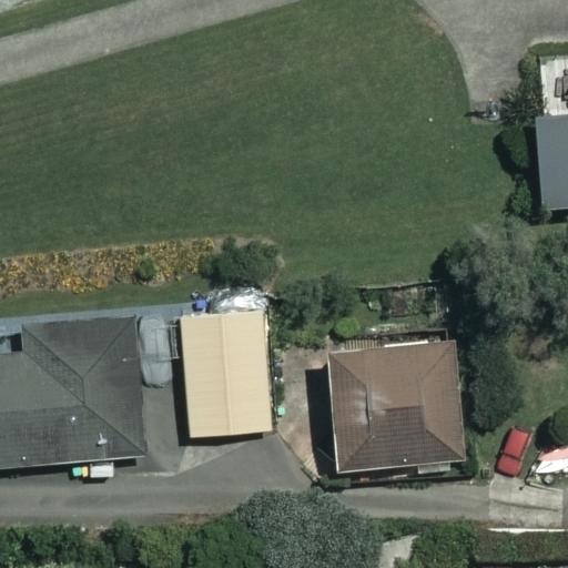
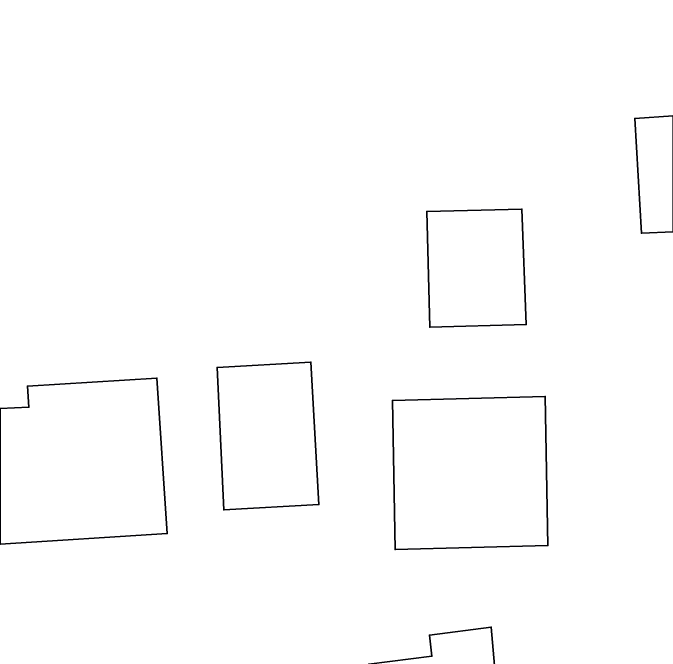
building: none -> [427,209,526,327]

